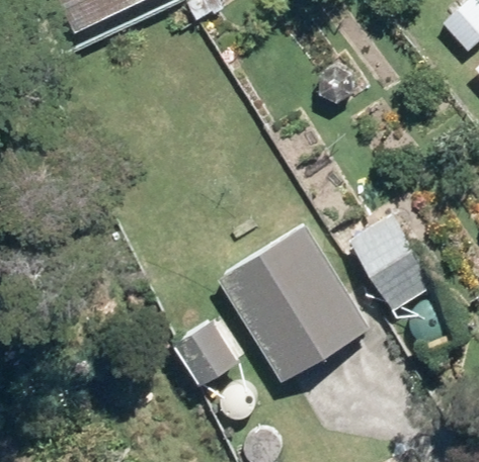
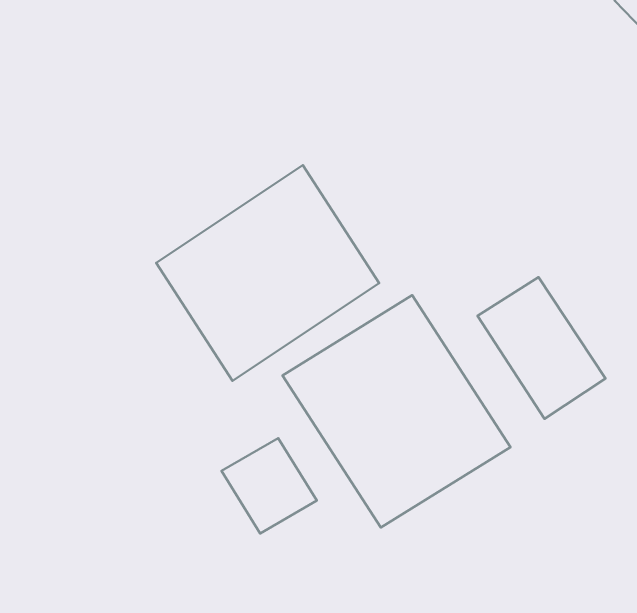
building: none -> [156,165,379,381]

